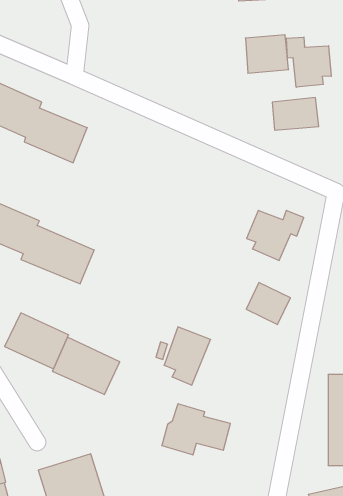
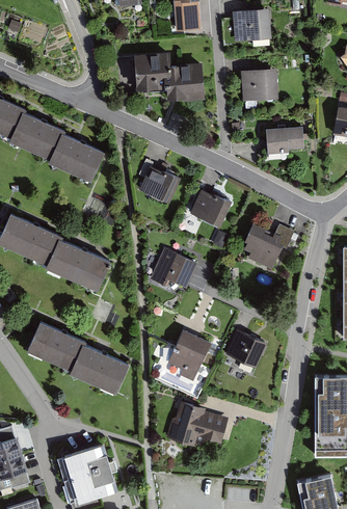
building: none -> [132,54,204,103]
building: [286,37,331,87] -> none
building: none -> [139,167,181,206]
building: none -> [189,190,232,229]
building: none -> [151,246,198,286]
building: [246,283,290,324] -> [226,331,266,369]

